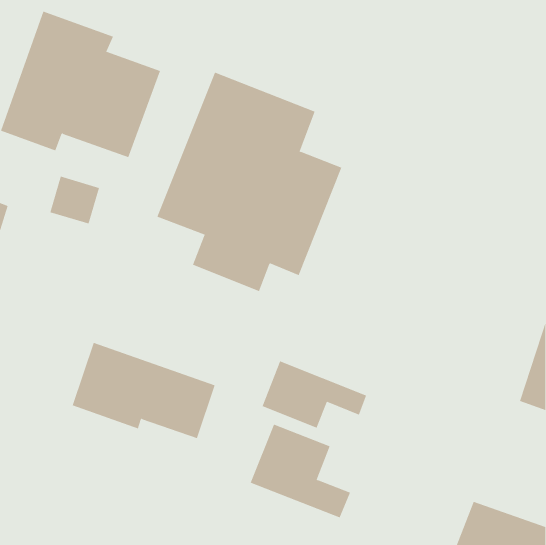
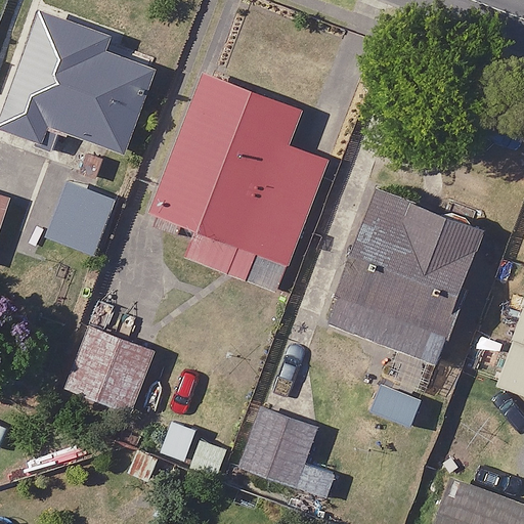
building: none -> [325,190,484,397]
building: [262,360,367,428] -> none

